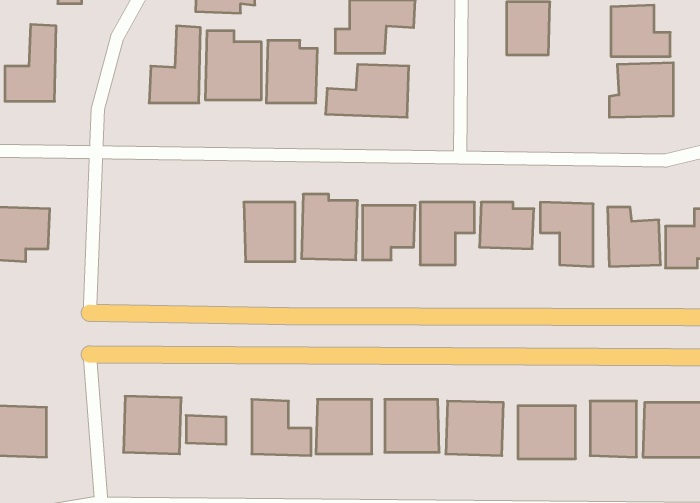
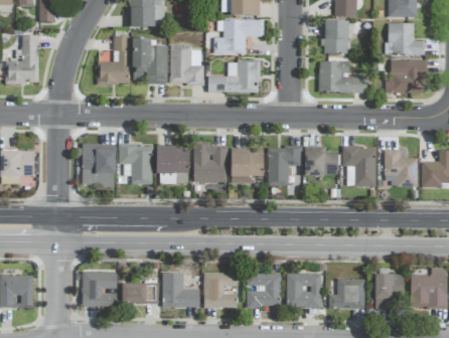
building: none -> [318,61,366,94]
building: none -> [82,144,115,186]
building: none -> [120,145,153,184]

